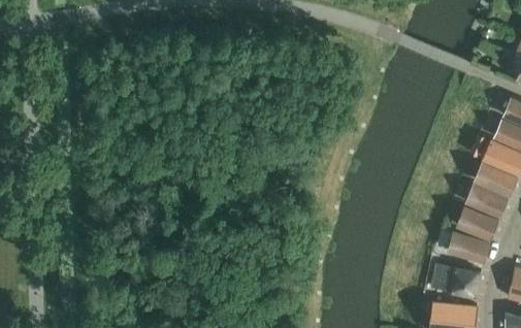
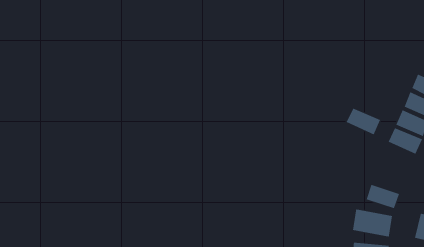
building: [465,184,508,217] -> [346,108,381,135]
building: [456,206,497,238] -> none

